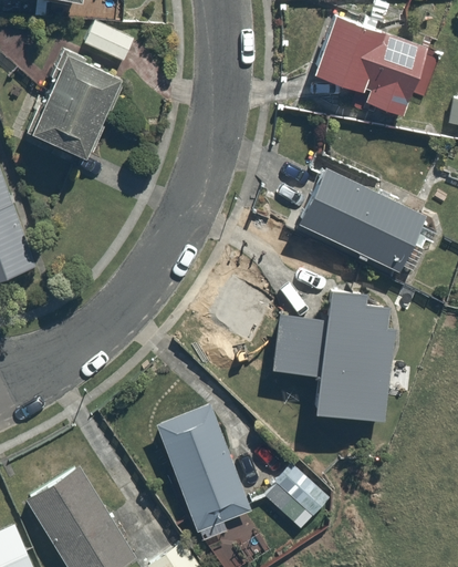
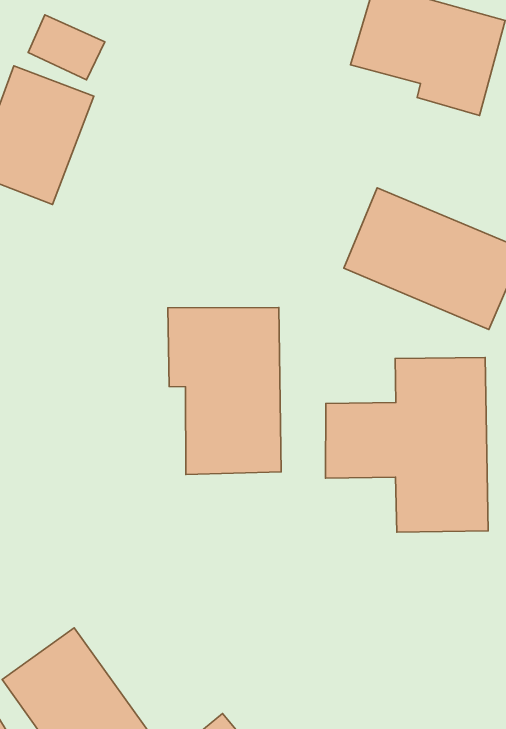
building: none -> [168,307,281,475]
building: [155,400,256,530] -> none
building: [260,464,332,535] -> none

